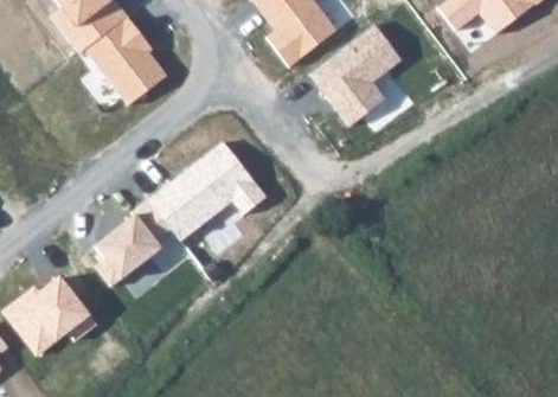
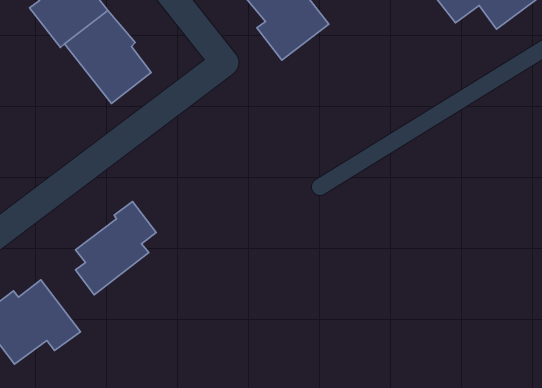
building: [312,25,402,126] -> none
building: [149,141,268,241] -> none

